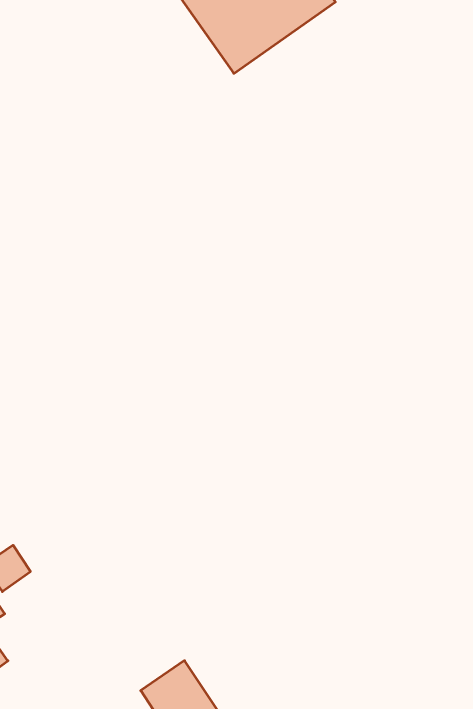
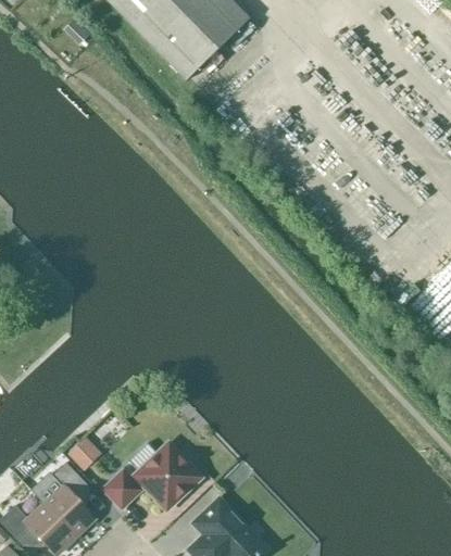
building: none -> [103,443,200,508]

